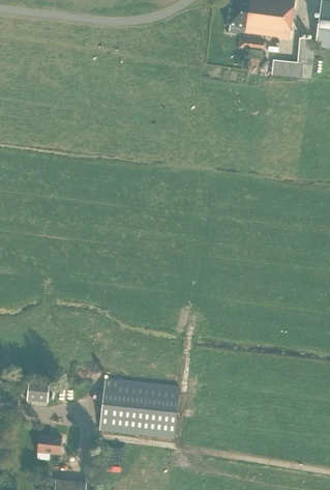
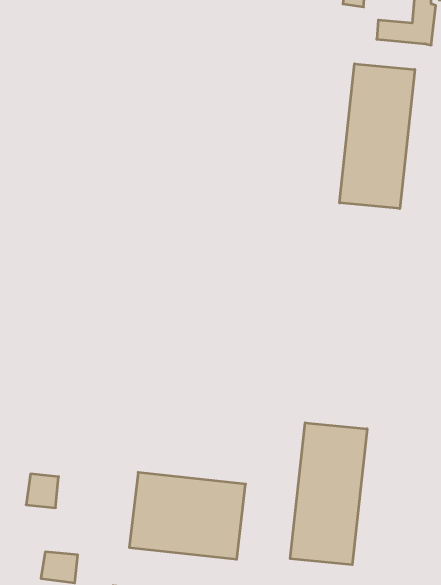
building: none -> [340,64,415,209]
building: none -> [290,423,367,565]

